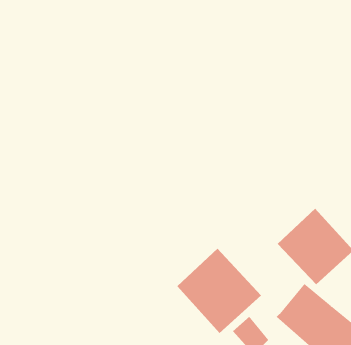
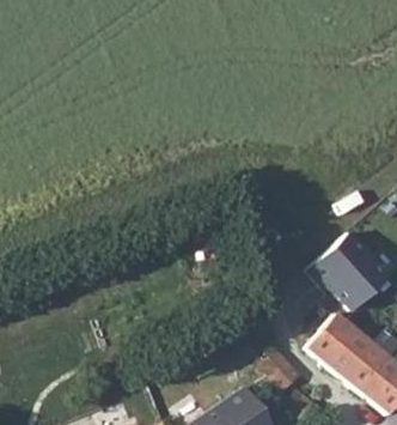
building: [177,248,262,334] -> none

